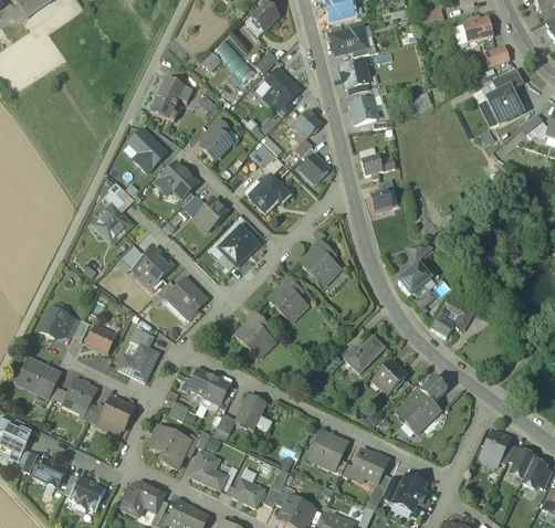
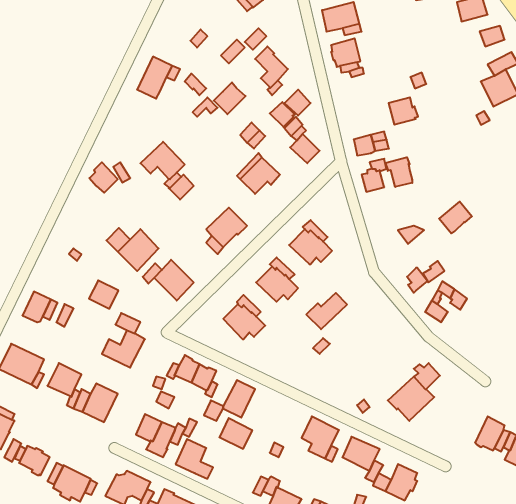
building: [212,31,251,68] -> none
building: [349,97,378,124] -> [389,97,418,125]
building: [126,126,168,173] -> none
building: [200,128,231,159] -> [214,82,246,114]
building: none -> [385,157,412,187]
building: [192,199,227,232] -> none
building: [91,204,132,239] -> none
building: [398,264,430,295] -> [439,202,472,233]
building: [85,326,114,353] -> [89,280,118,309]
building: [344,337,384,372] -> [306,293,347,329]
building: [375,360,406,393] -> none
building: [231,477,263,507] -> [219,418,252,449]

